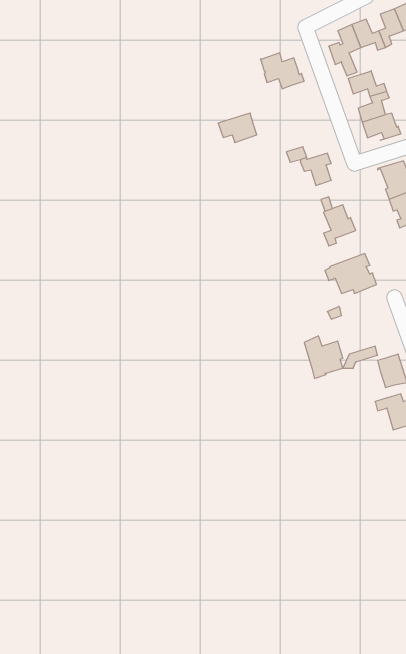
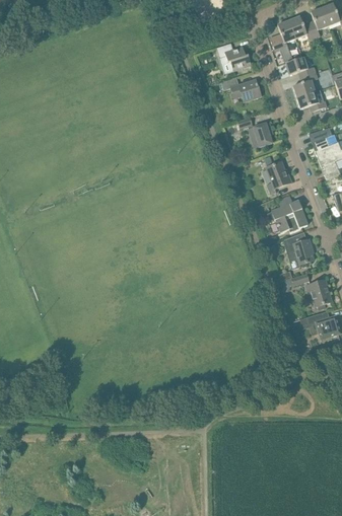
building: [218,113,257,143] -> [230,78,261,101]
building: [304,336,343,378] -> [283,234,314,268]

